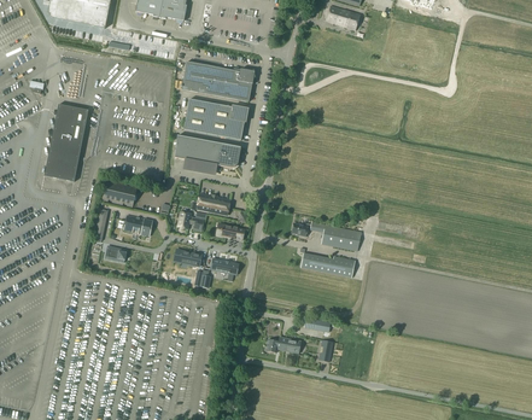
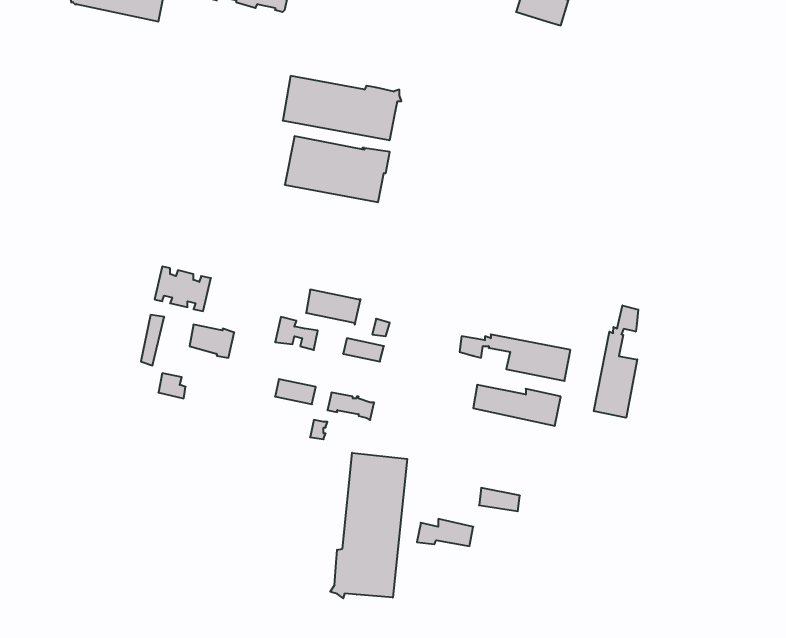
building: [45,104,88,180] -> none
building: [174,134,240,171] -> none
building: none -> [594,305,638,418]
building: none -> [330,453,407,598]

